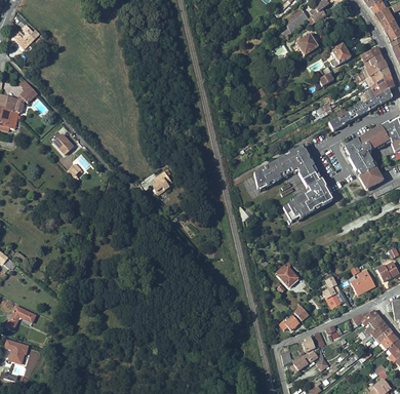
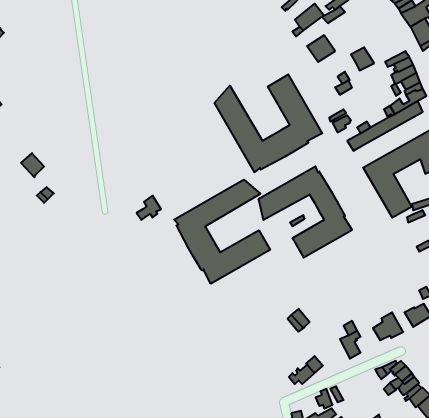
building: none -> [215,74,322,172]
building: none -> [174,180,270,284]

